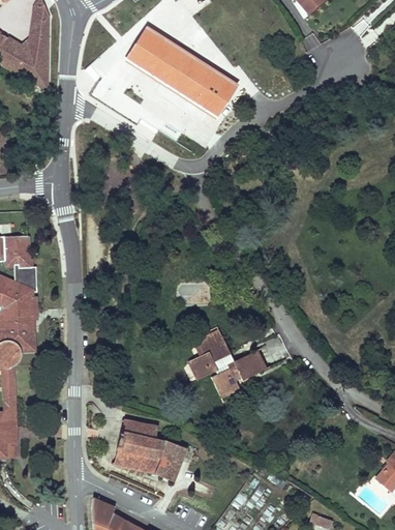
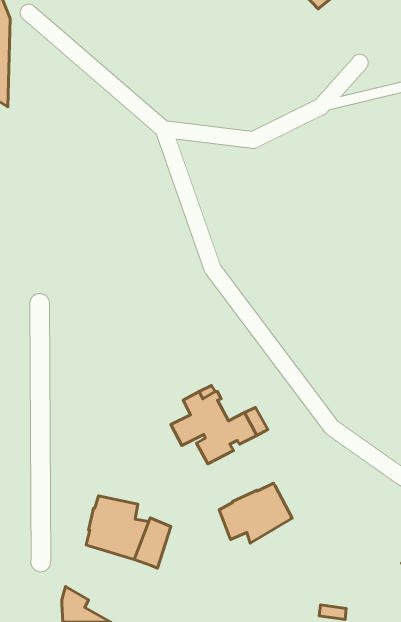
building: [129,30,236,116] -> none
building: none -> [219,483,292,543]

